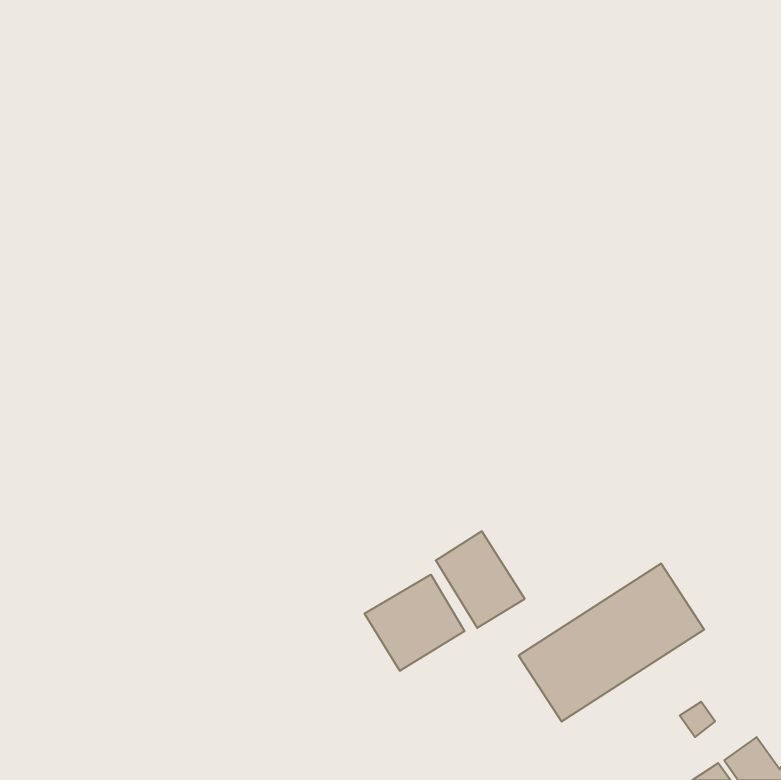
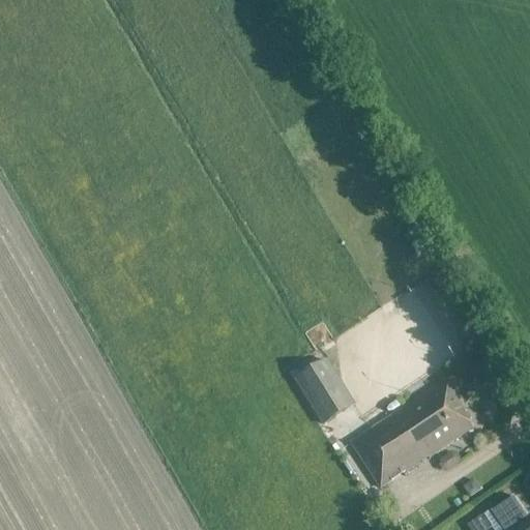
building: [365,575,465,671] -> none

